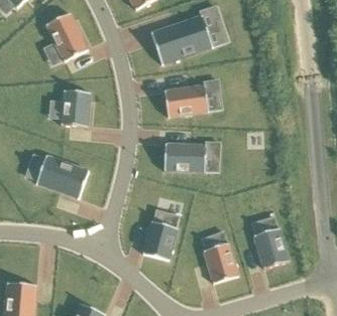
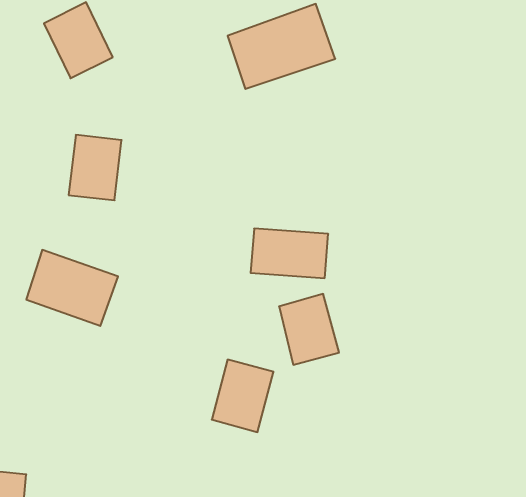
building: [164,84,209,115] -> none
building: [257,227,291,266] -> none
building: [204,242,238,282] -> [279,294,339,365]

